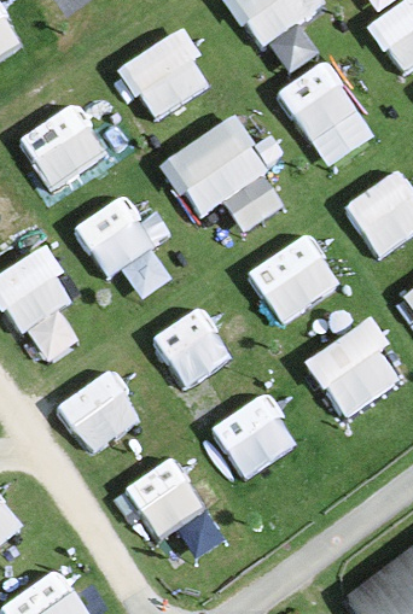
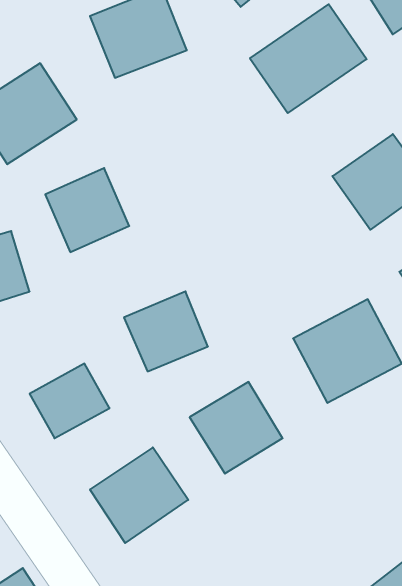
building: [162,118,271,221] -> none
building: [246,234,342,326] -> none

